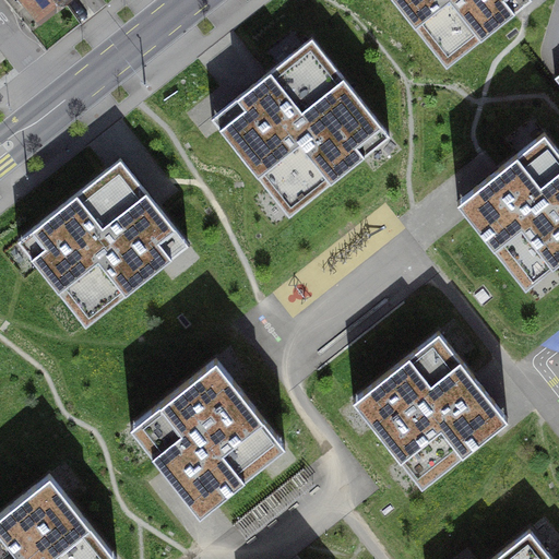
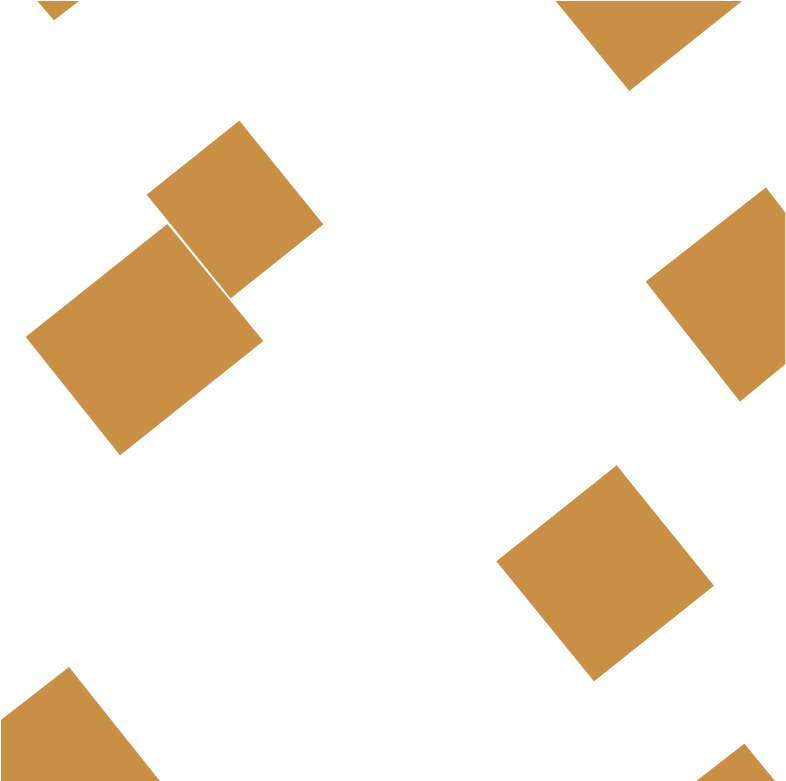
building: [211,39,390,217] -> none
building: none -> [145,119,325,300]
building: [130,359,285,516] -> none

